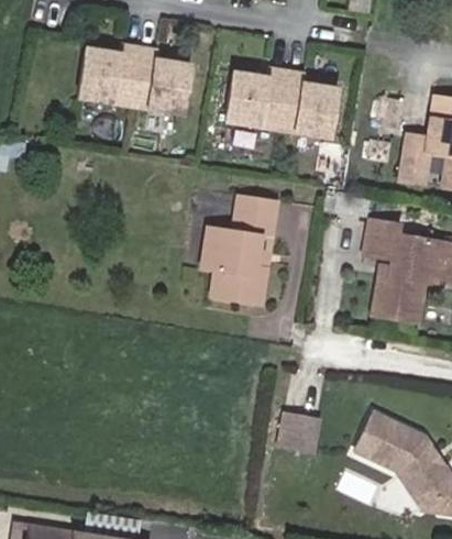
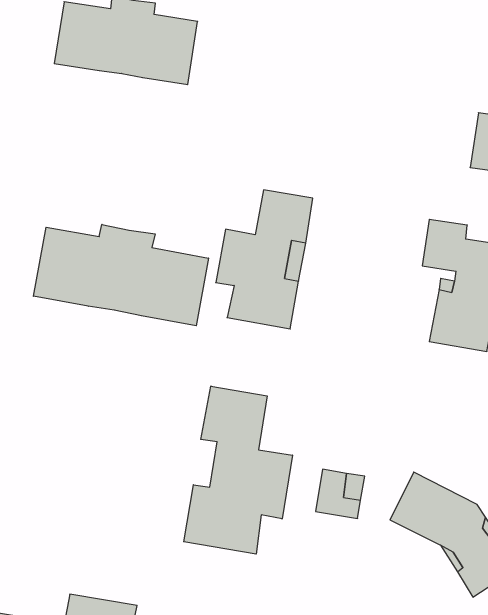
building: [228,66,339,135] -> none
building: none -> [33,224,208,326]
building: none -> [184,386,292,554]

